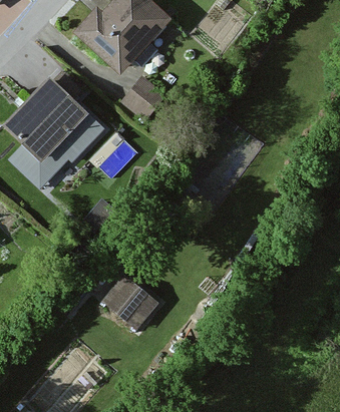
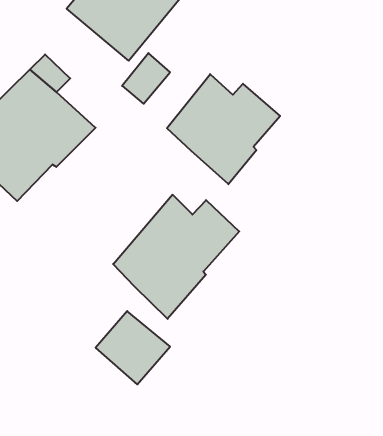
building: none -> [167,74,280,184]
building: none -> [113,195,239,319]

